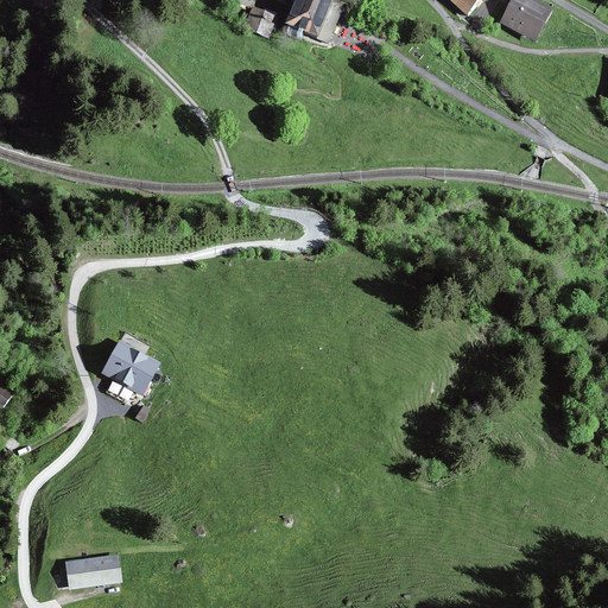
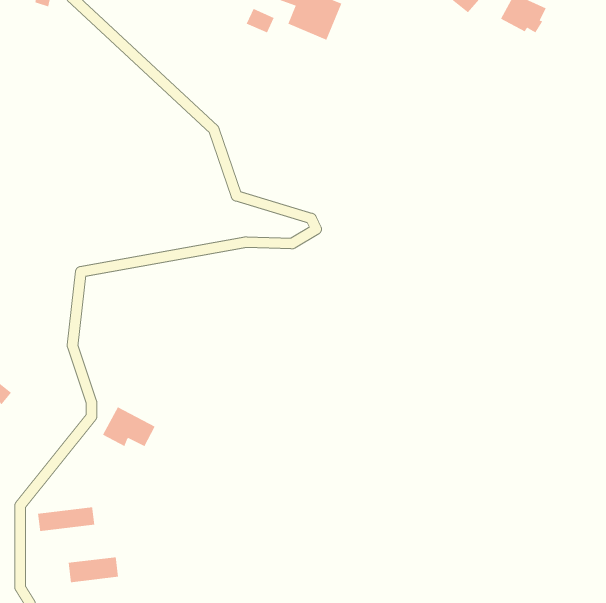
building: [103,342,157,382] -> [102,406,156,447]
building: none -> [37,506,95,532]

